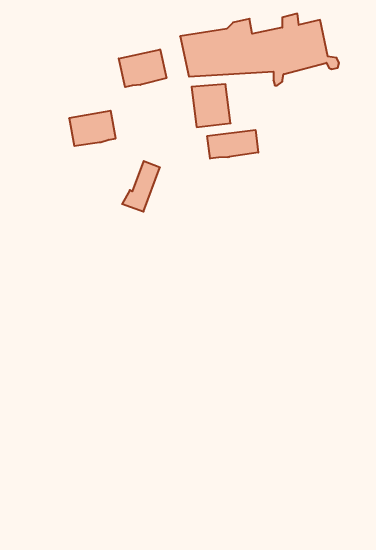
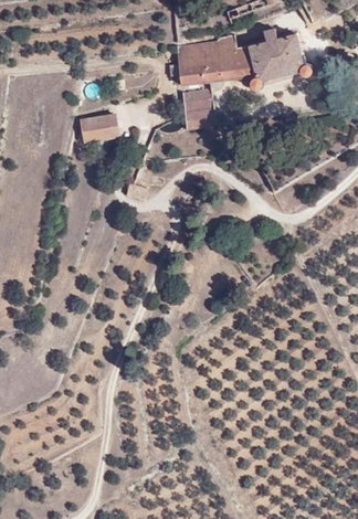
building: [119,49,166,87] -> none
building: [207,130,258,159] -> none

